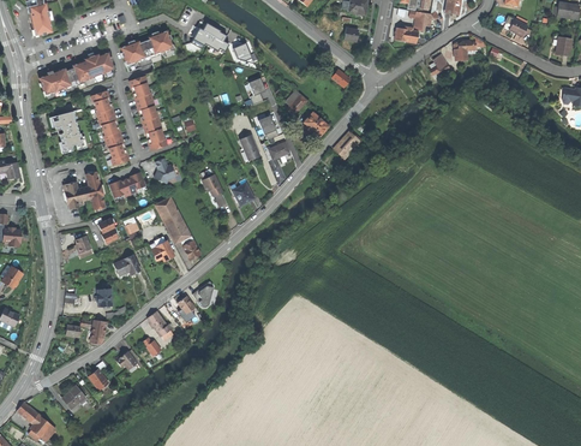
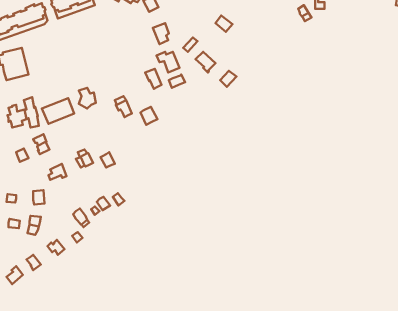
building: [130,76,167,150] -> none
building: [90,90,128,166] -> none
building: [158,197,191,244] -> none

